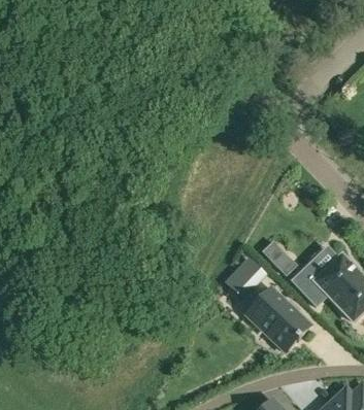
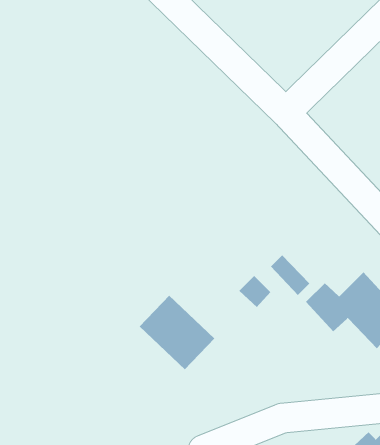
building: [243,285,308,349] -> [139,295,215,370]

